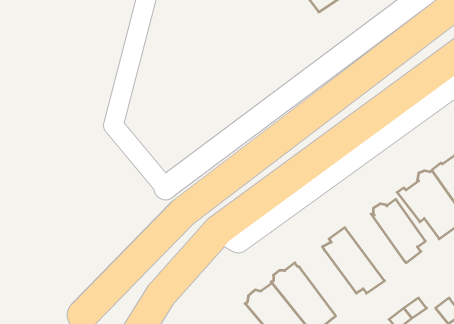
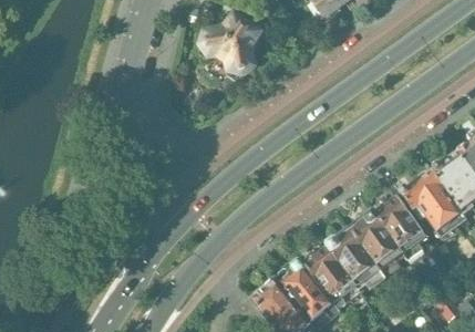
building: none -> [200,10,265,77]
building: none -> [350,211,407,277]
building: none -> [306,245,362,311]

